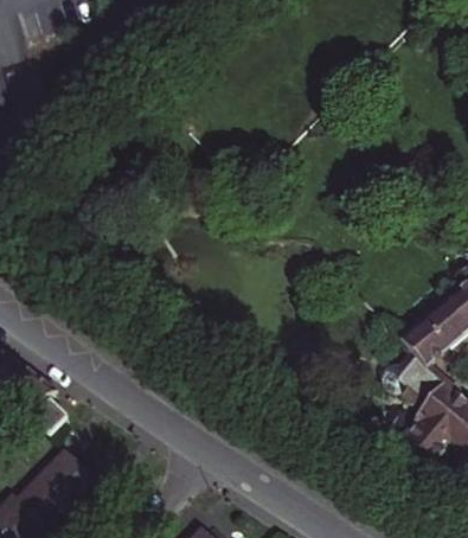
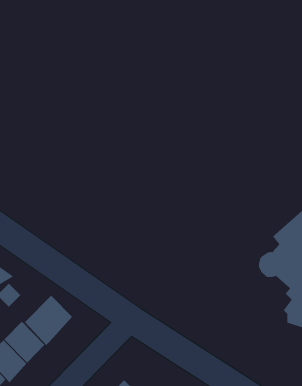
building: none -> [24,295,73,346]

